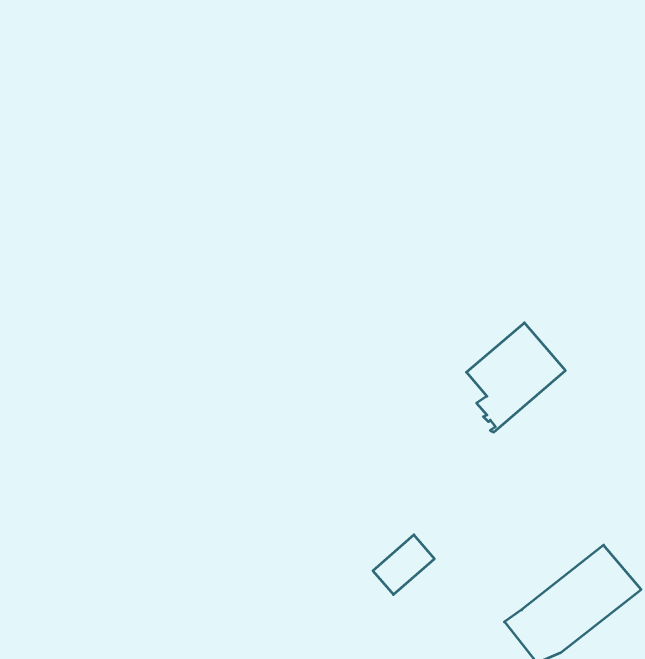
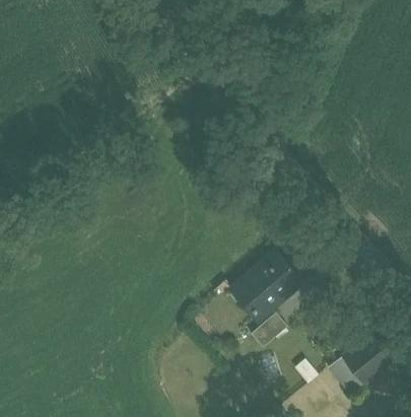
building: [466,323,565,432] -> [235,263,294,328]

